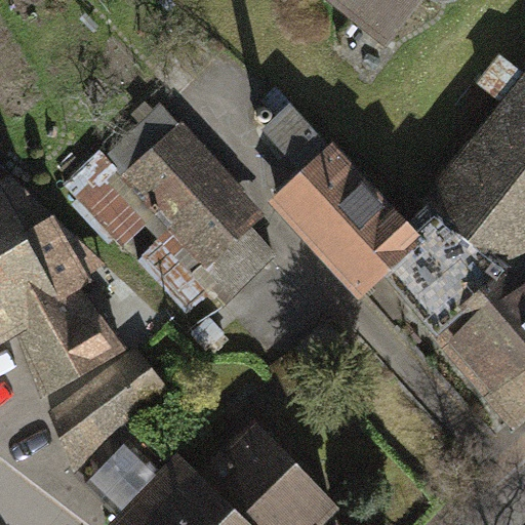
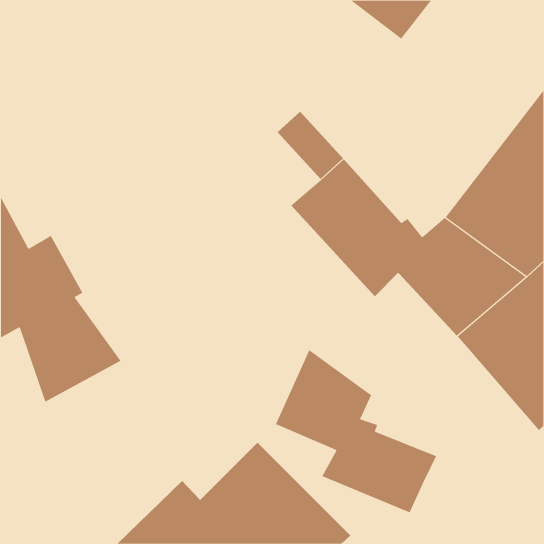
building: [72,110,273,297] -> none
building: none -> [275,349,437,513]
building: [46,352,165,502] -> none

